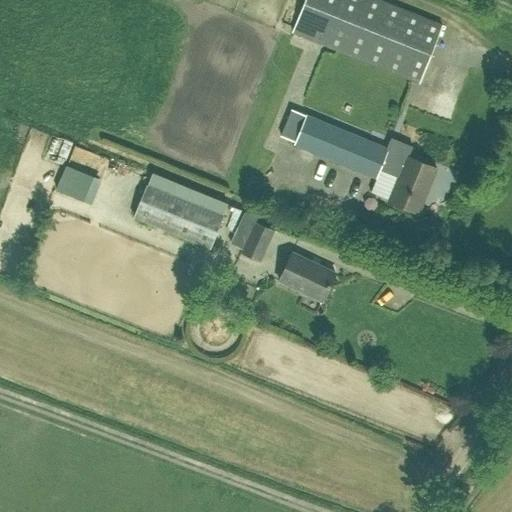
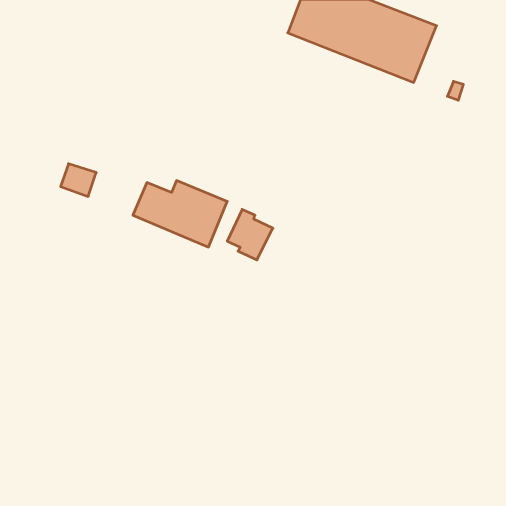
building: [283,111,436,213] -> none
building: [280,256,333,300] -> none

